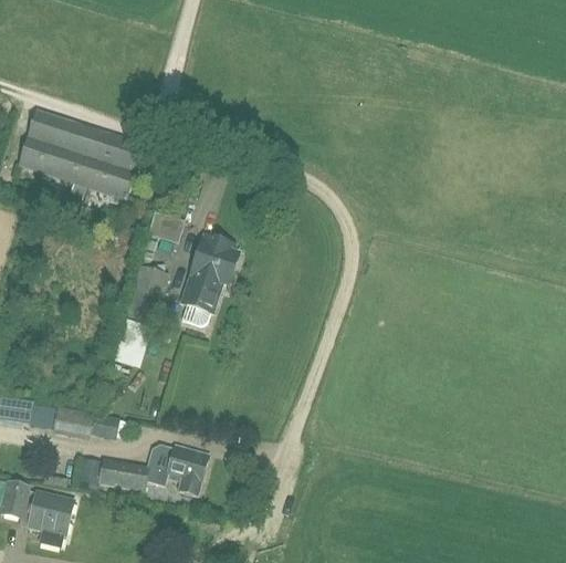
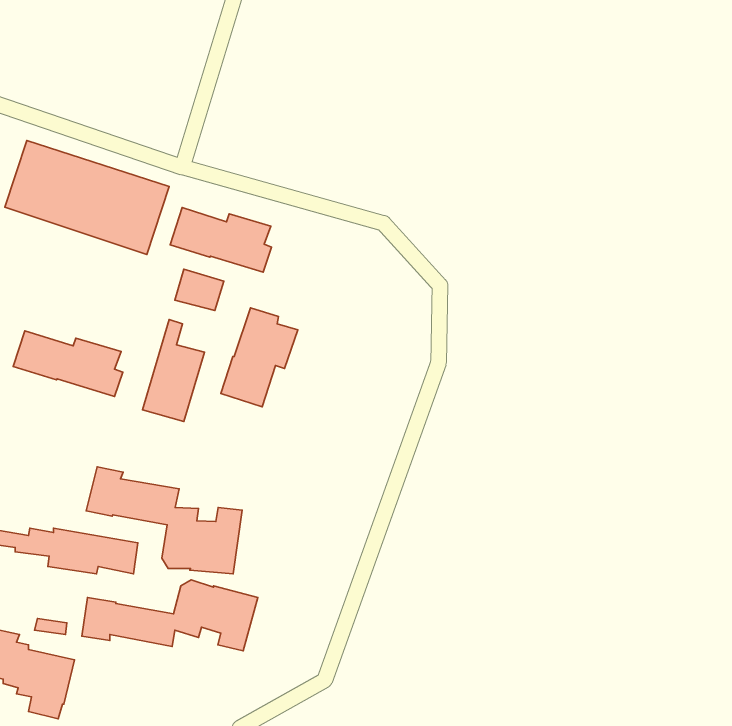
building: none -> [170,208,272,272]
building: none -> [13,331,123,396]
building: none -> [86,467,242,574]

